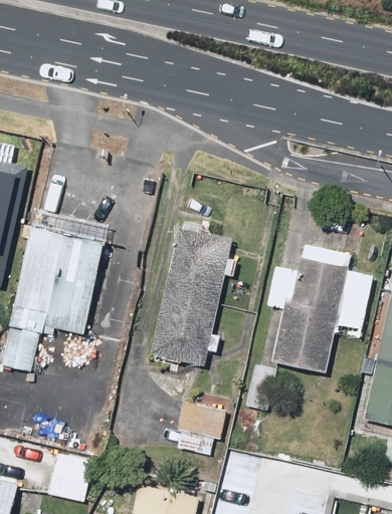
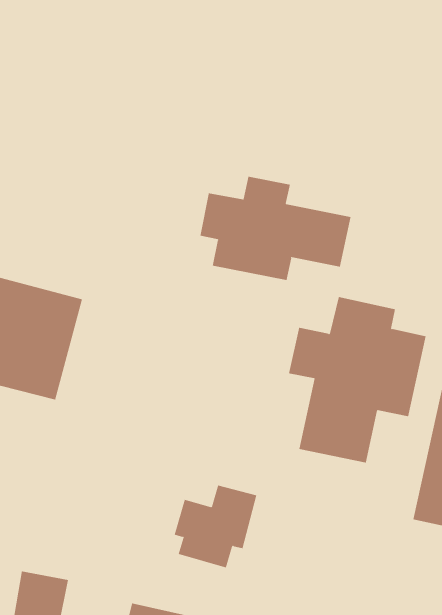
building: none -> [200,176,351,281]
building: [149,222,238,374] -> none

